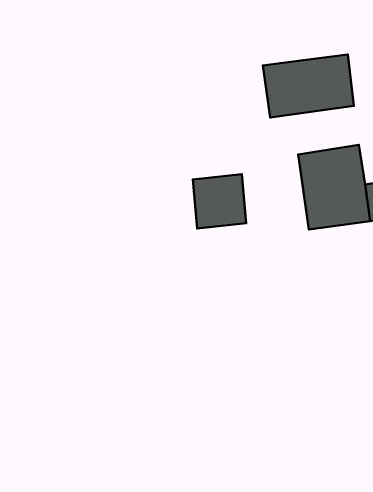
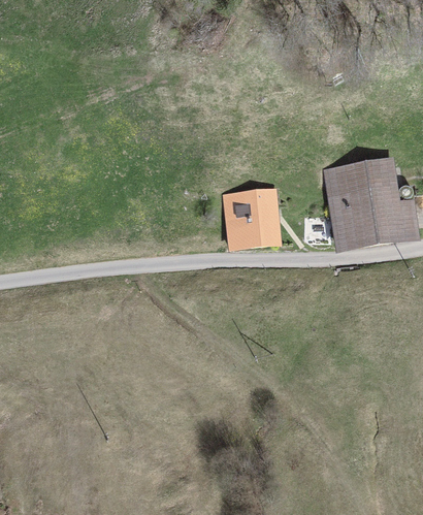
building: [263,54,354,117] -> none

